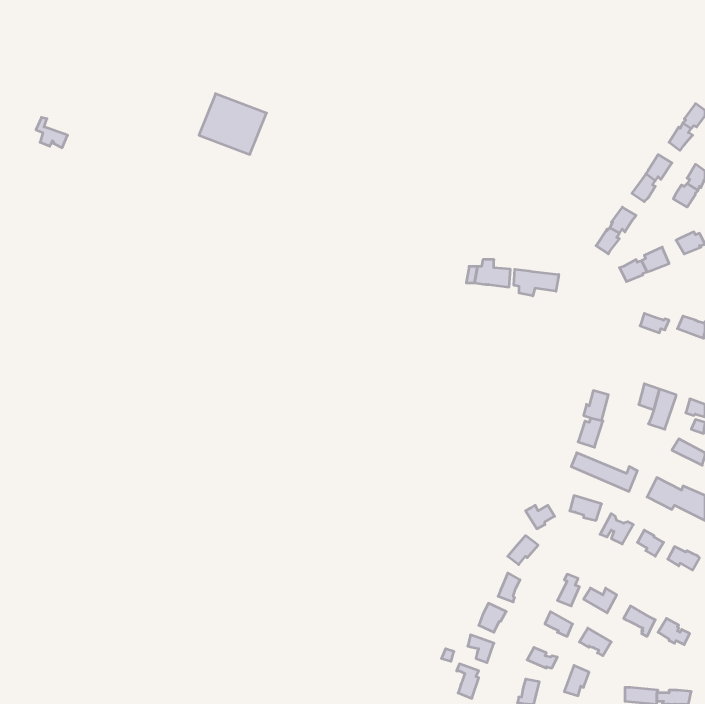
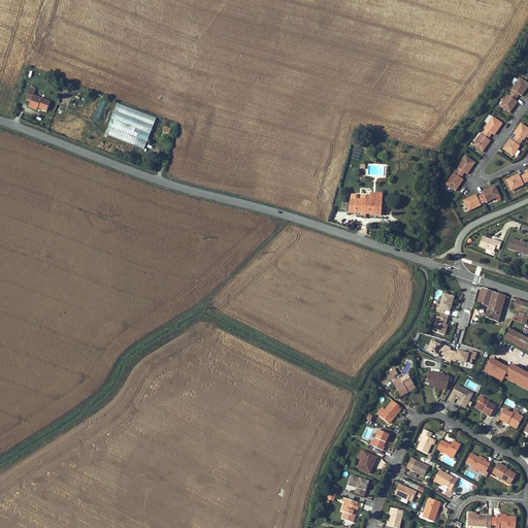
building: [199,94,267,154] -> [105,102,156,147]
building: [514,269,559,296] -> none

